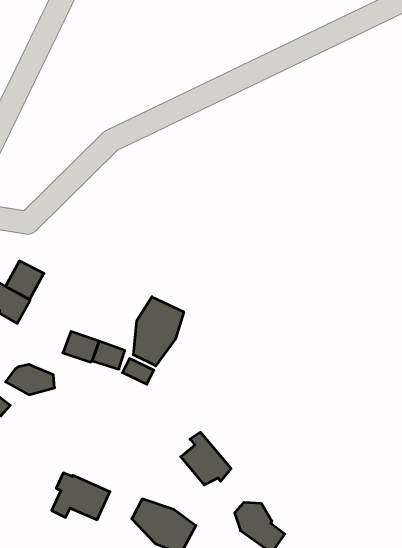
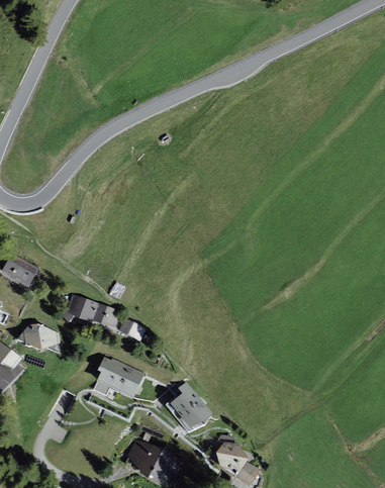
building: [6,261,44,299] -> none
building: [133,297,184,366] -> none
building: [52,473,110,520] -> [93,358,143,398]

